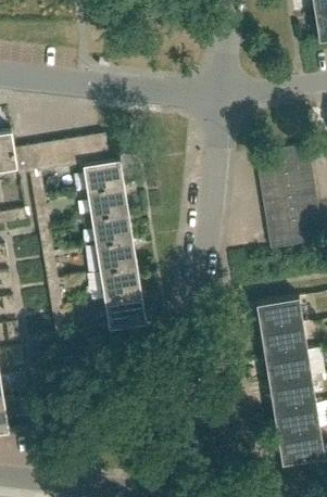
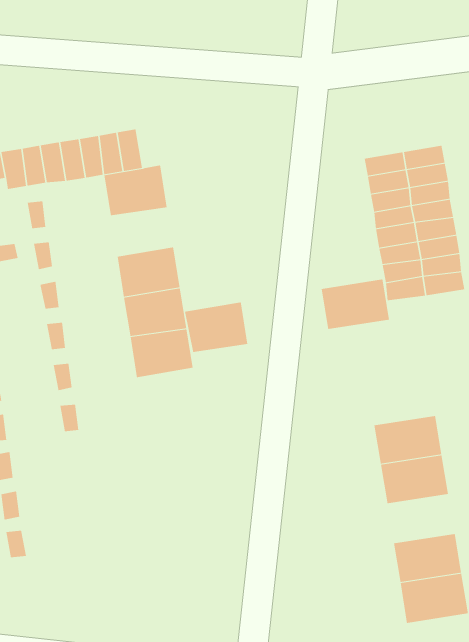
building: [87,188,129,220] -> none
building: [104,294,147,328] -> [184,302,248,352]
building: [257,298,303,332] -> [321,279,390,330]
building: [271,378,316,410] -> none

